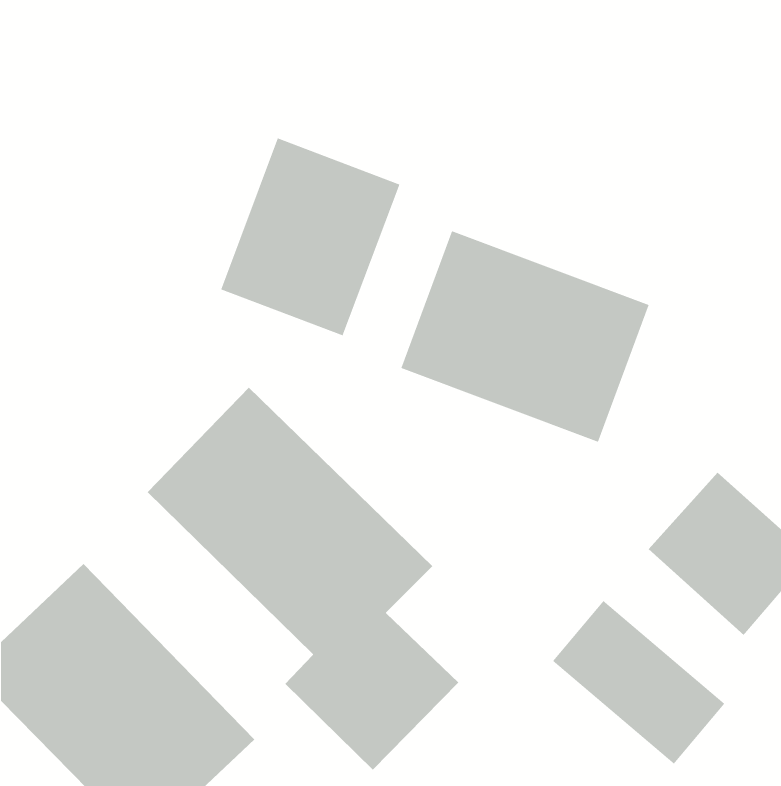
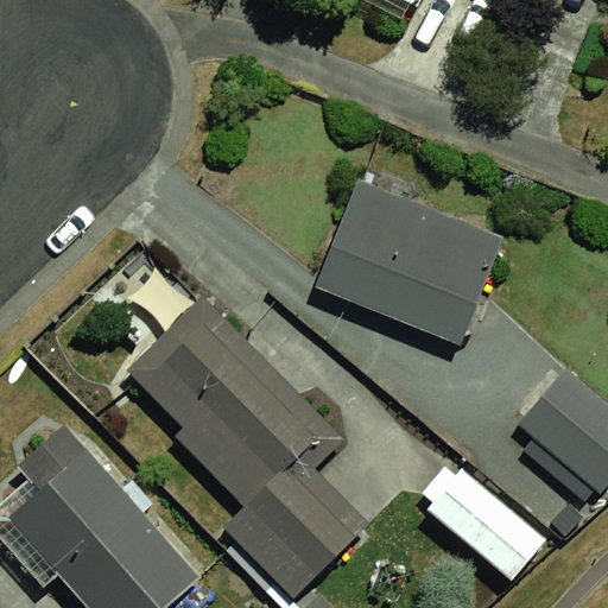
building: [220,138,400,336] -> none

